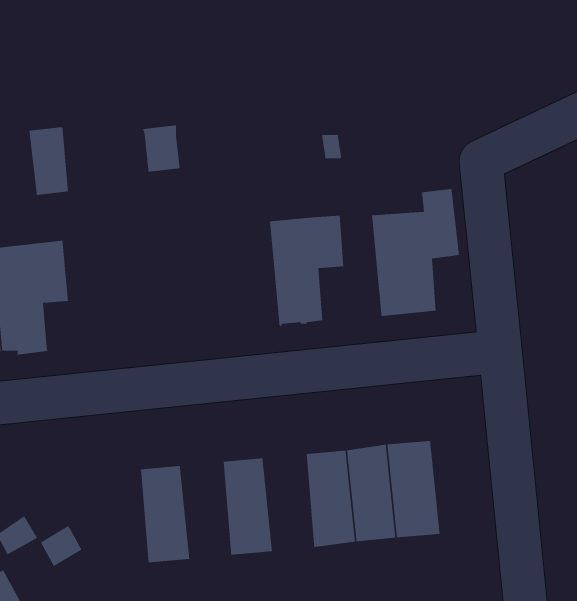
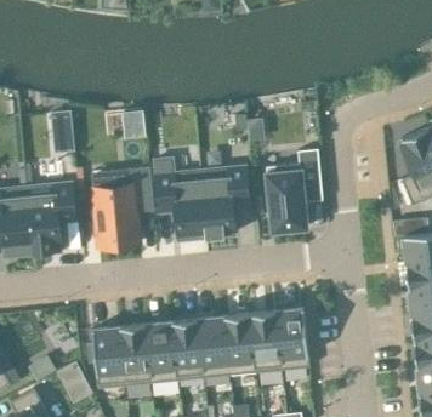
building: none -> [153,158,206,241]
building: none -> [91,166,152,247]
building: none -> [197,316,228,378]
building: none -> [144,321,176,383]
building: none -> [87,326,124,389]

